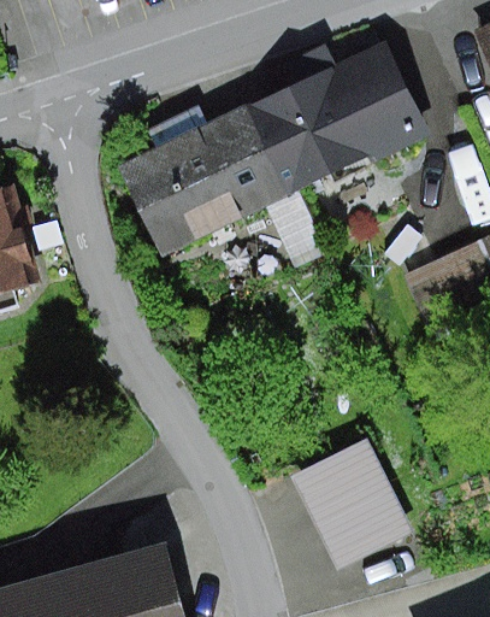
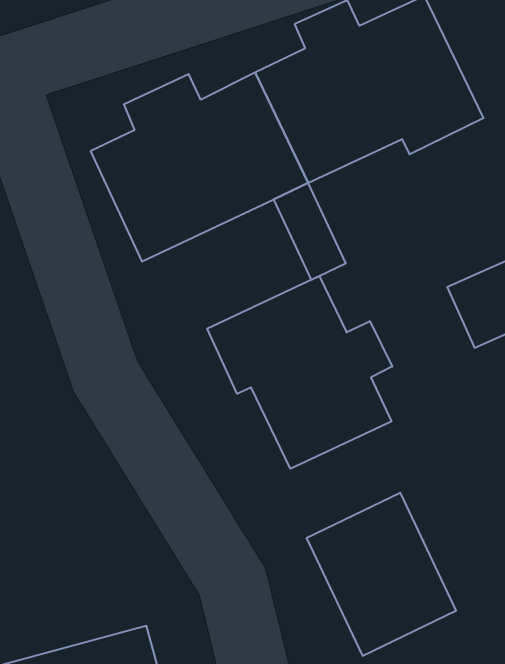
building: none -> [207,276,392,469]

